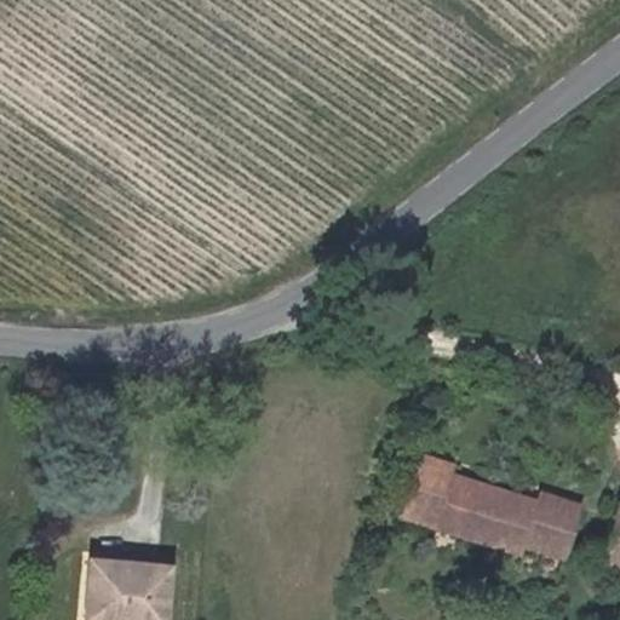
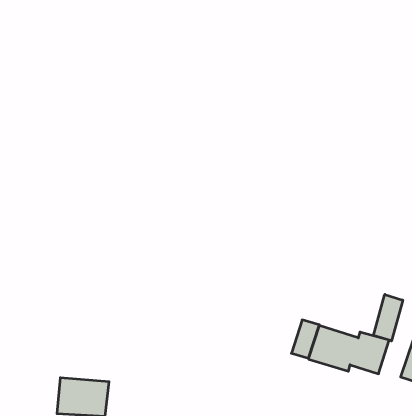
building: none -> [373,294,403,341]
building: [406,455,458,526] -> none

